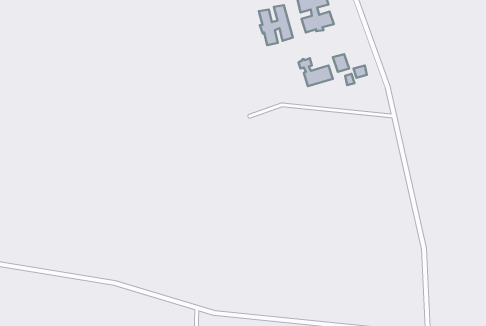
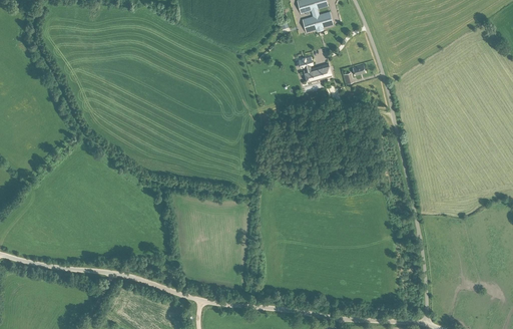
building: [259,5,293,45] -> none

